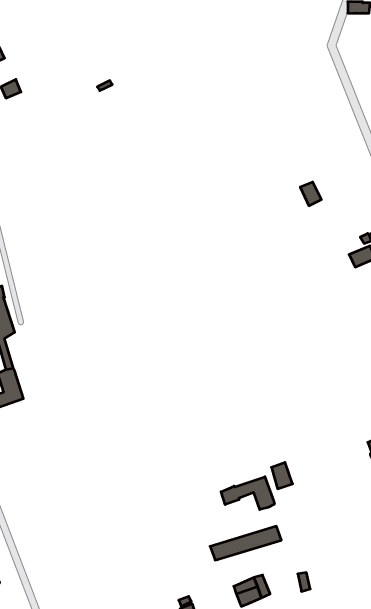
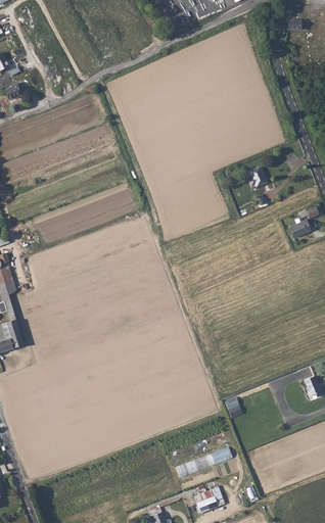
building: [221,477,274,510] -> none

